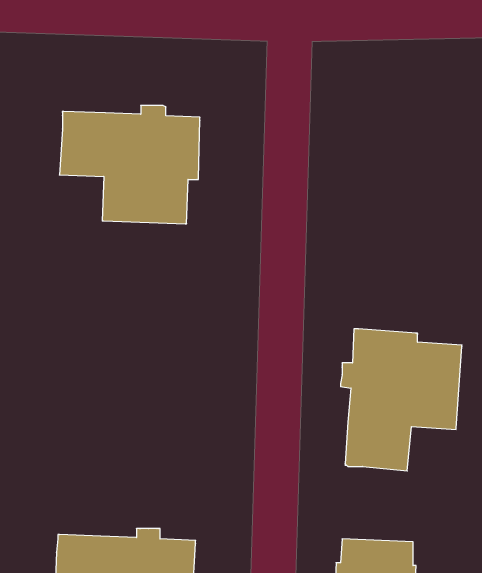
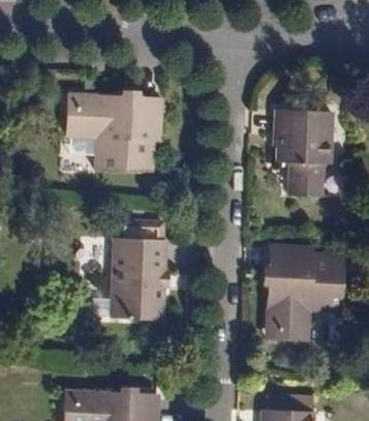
building: none -> [272,109,333,199]
building: none -> [91,215,172,317]

